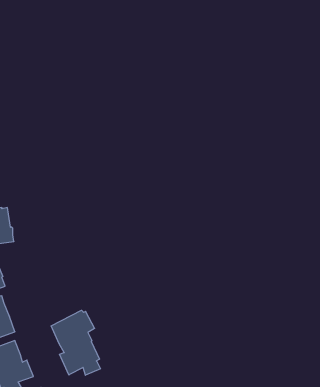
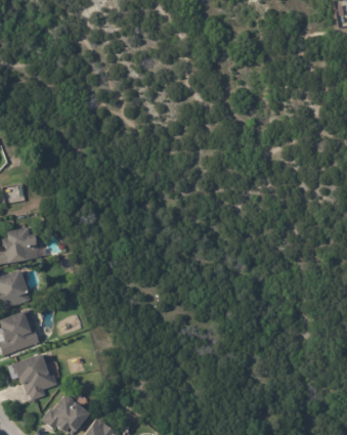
building: [51,310,100,375] -> none

